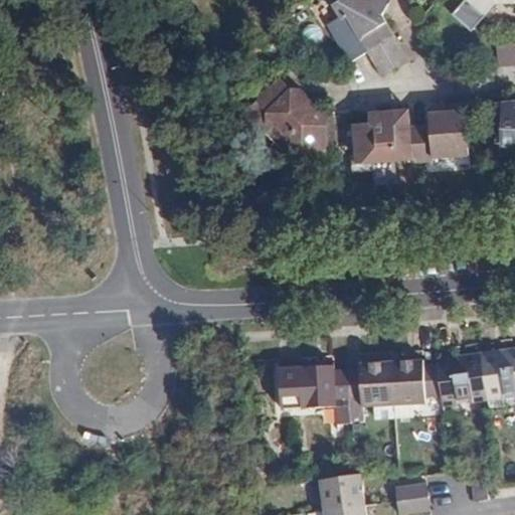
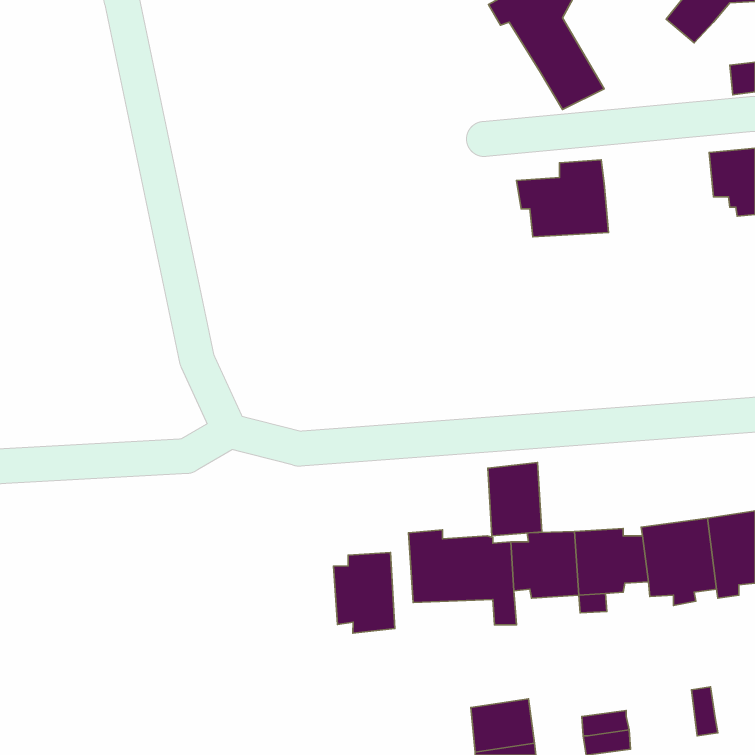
building: [328,15,367,60] -> none
building: [256,77,327,148] -> none
building: [410,110,468,160] -> none
building: none -> [488,462,542,536]
building: none -> [334,552,395,633]

